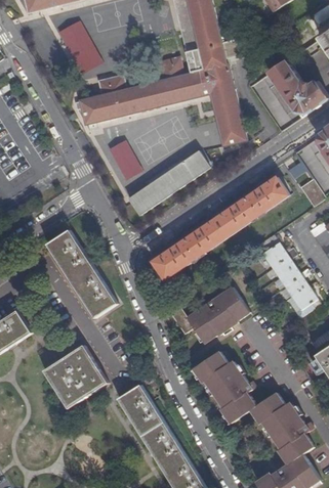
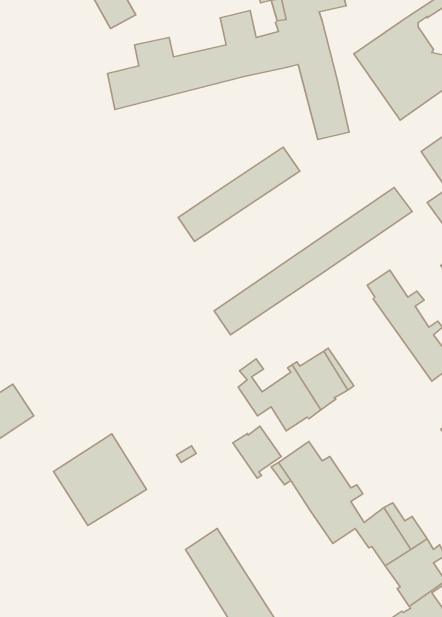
building: [110,140,140,177] -> none
building: [46,229,117,317] -> none
building: none -> [233,426,281,478]
building: [118,385,155,424] -> none

